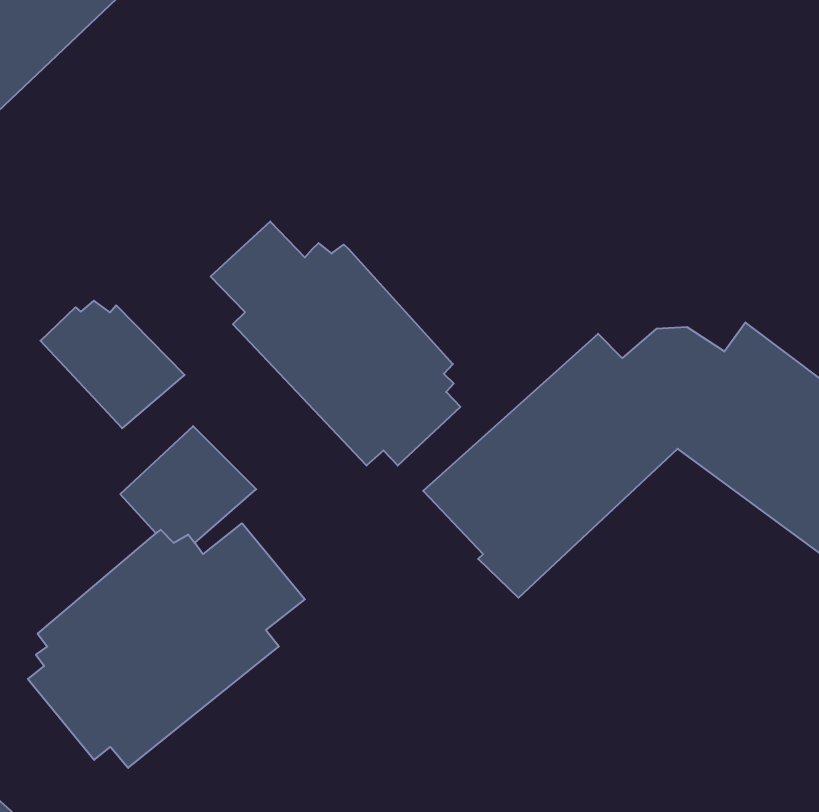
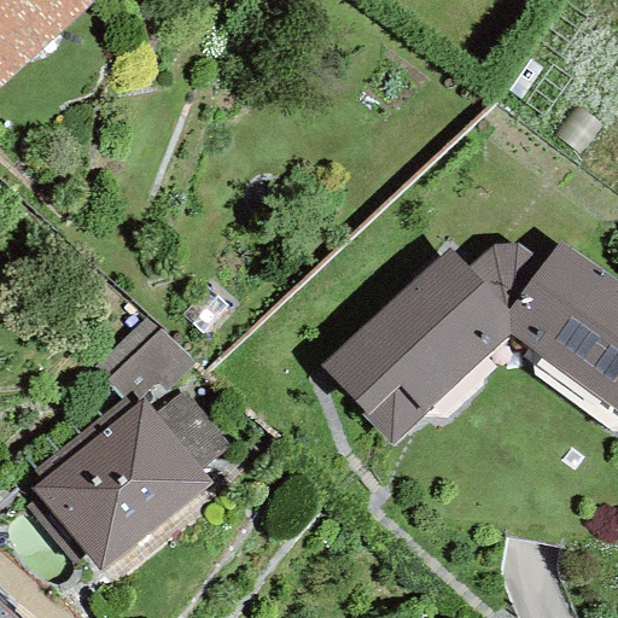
building: [211,221,460,466] -> none
building: [40,301,185,428] -> none

